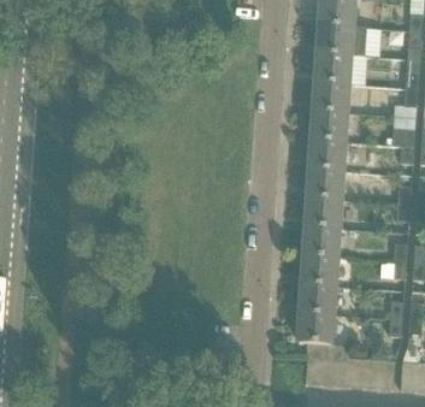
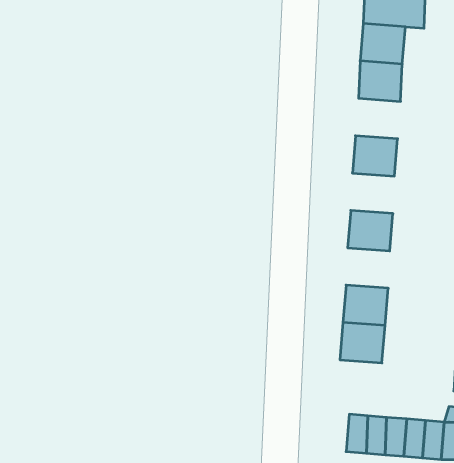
building: [312,107,347,138] -> none
building: [308,165,342,196] -> none
building: [305,223,338,254] -> none
building: [299,309,332,342] -> none

